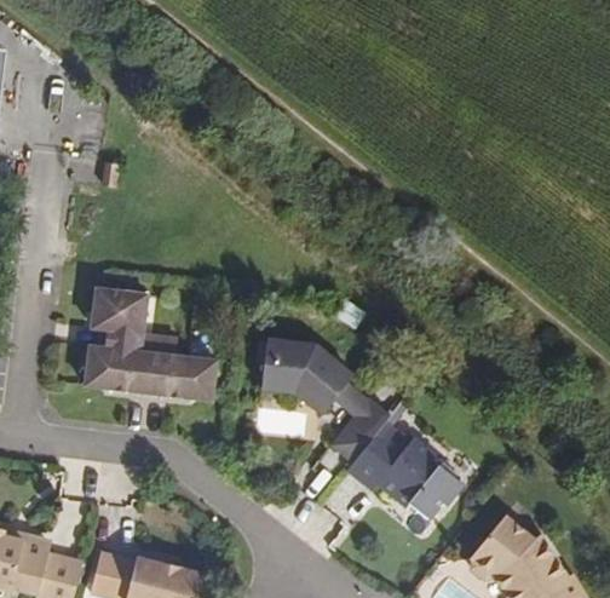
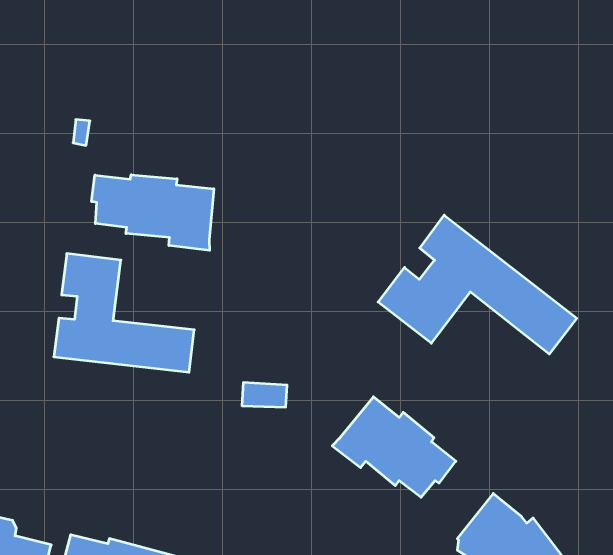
building: none -> [92,175,214,250]
building: none -> [378,215,577,354]
building: [260,338,390,460] -> none

